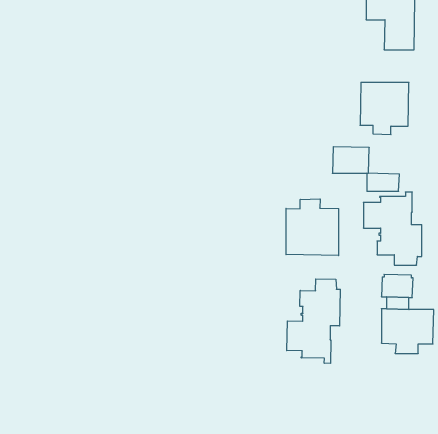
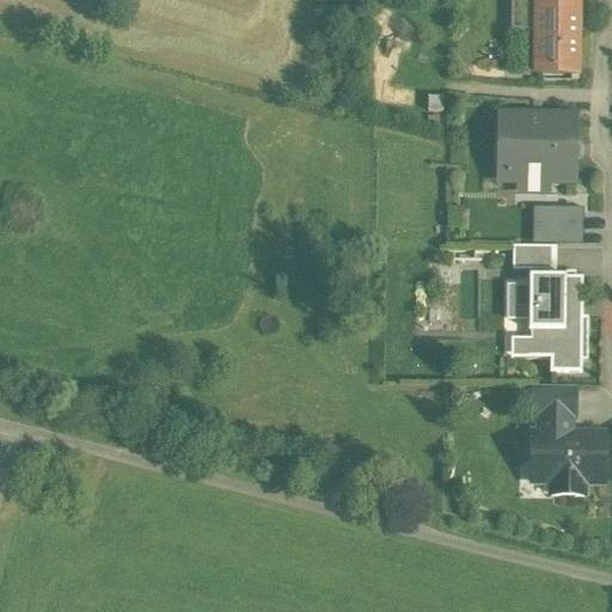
building: [332,147,369,173] -> [532,203,583,240]
building: [286,199,339,256] -> none
building: [287,279,340,363] -> none

